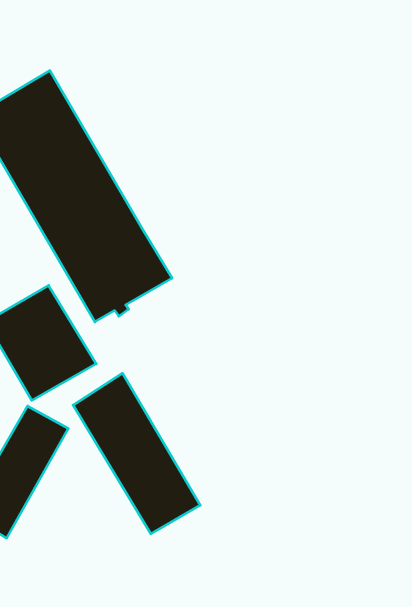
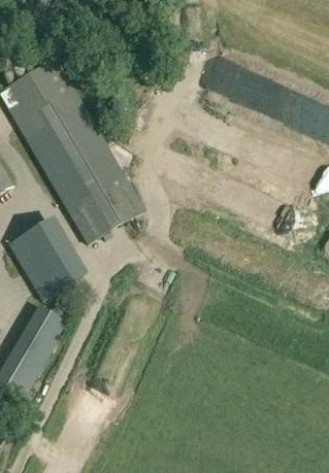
building: [73,373,200,534] -> none

